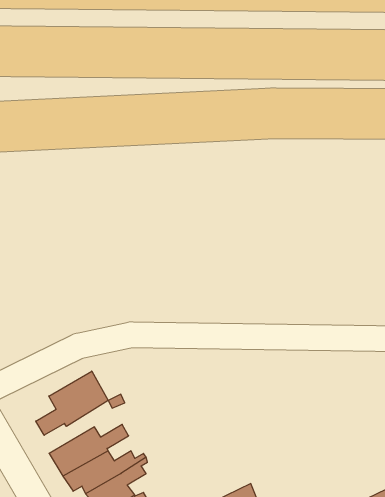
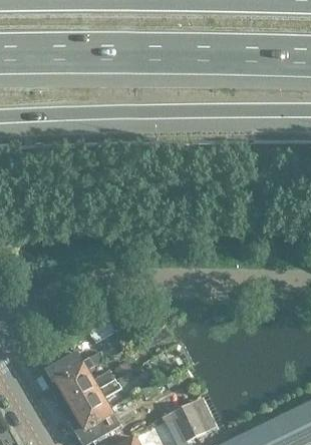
building: [36,371,108,435] -> none

